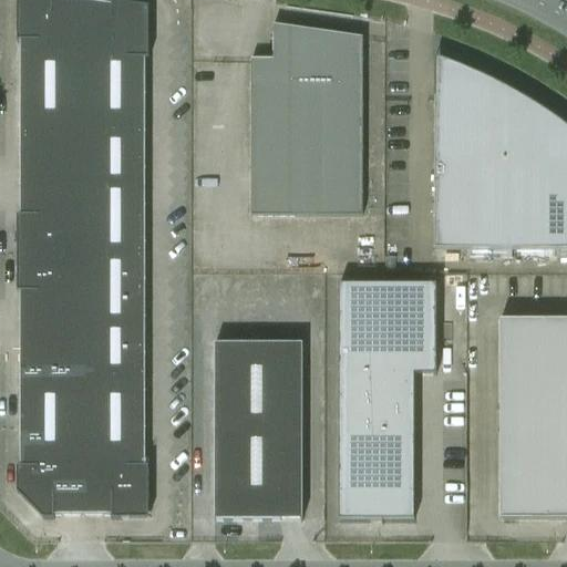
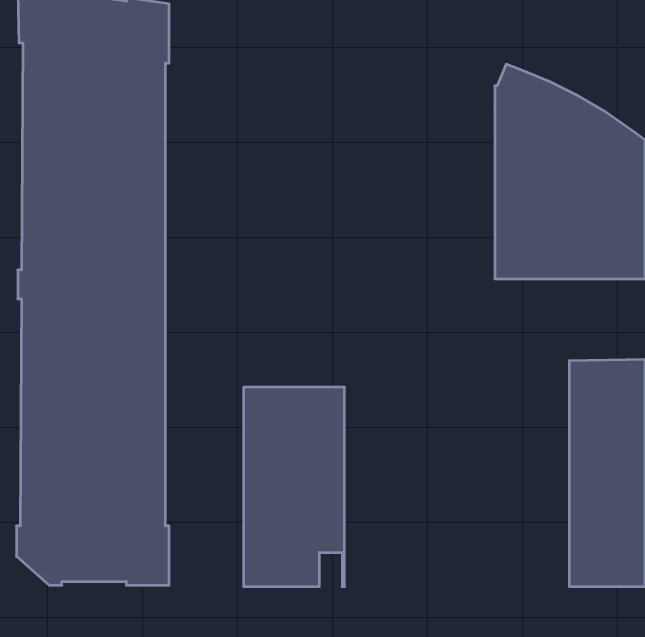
building: [250,21,362,212] -> none
building: [338,282,435,515] -> none

